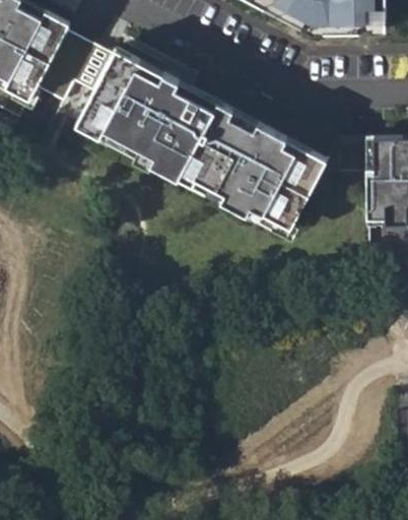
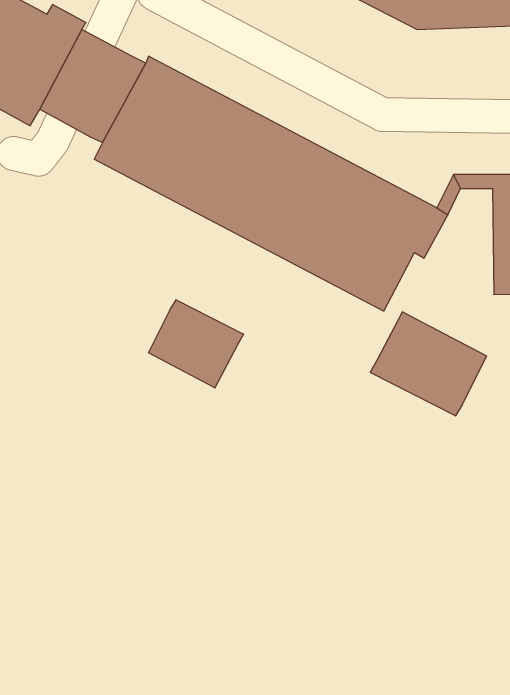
building: none -> [149,300,244,388]
building: none -> [370,312,486,416]

